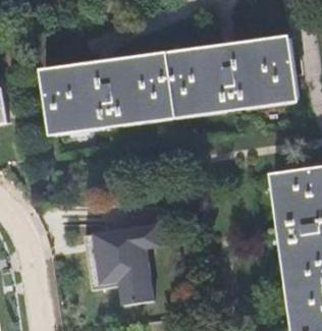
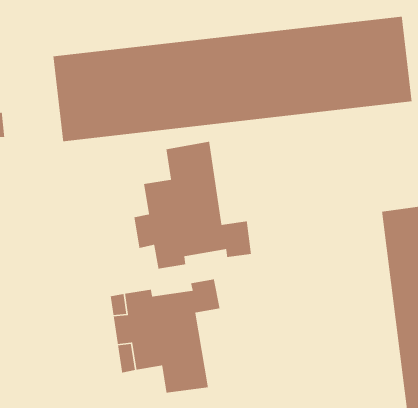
building: none -> [133,141,252,269]

